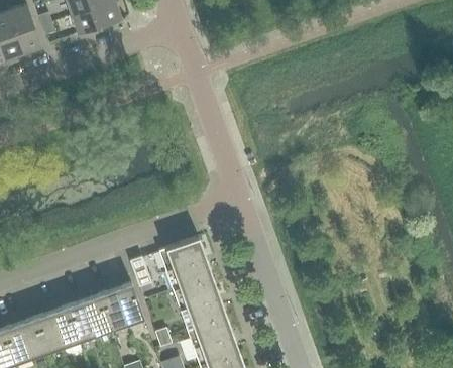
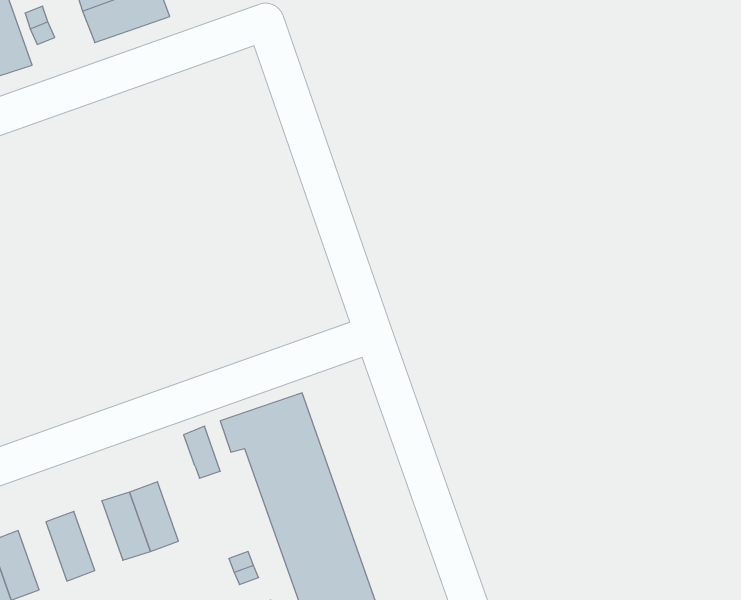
building: [115,282,143,323] -> none
building: [67,299,95,340] -> none
building: [34,312,63,351] -> none

